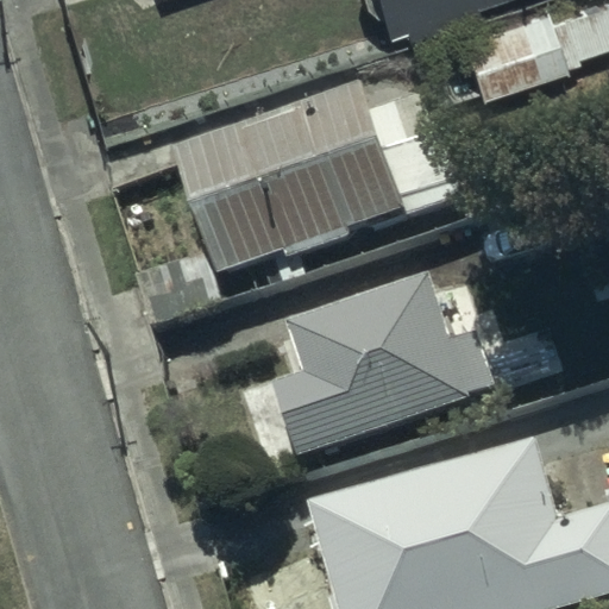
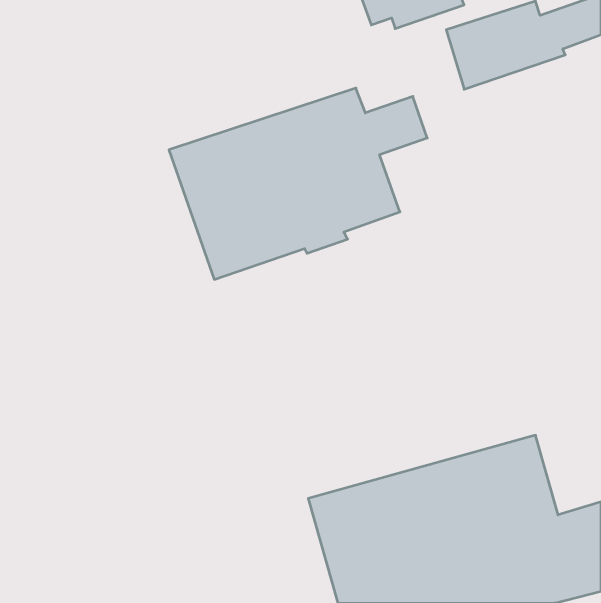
building: [281,280,500,466] -> none

